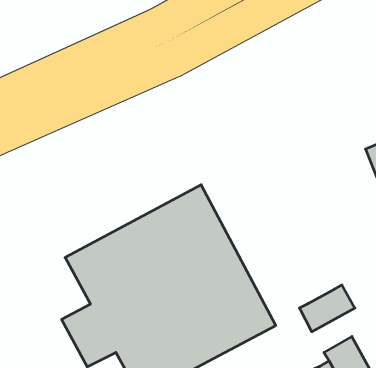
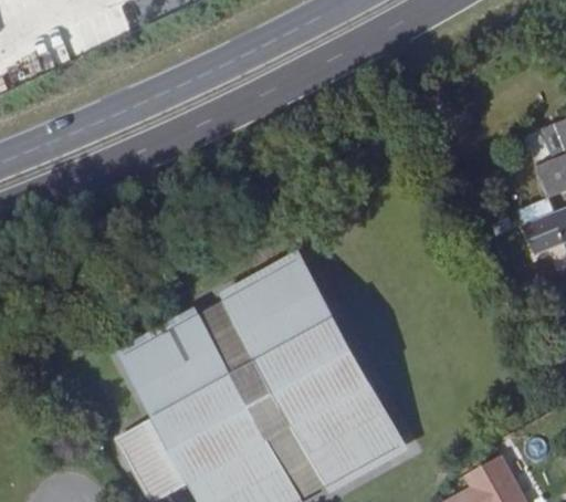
building: [299,285,355,332] -> none

